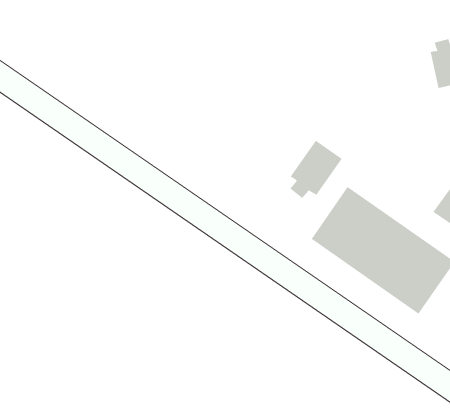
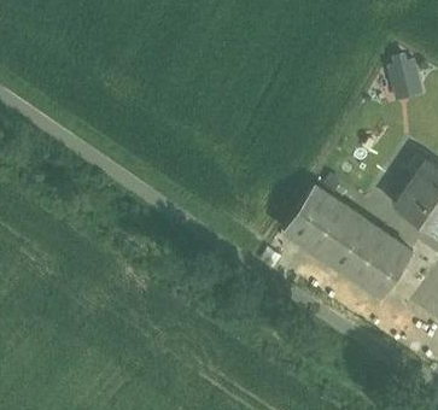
building: [289,140,342,199] -> none

